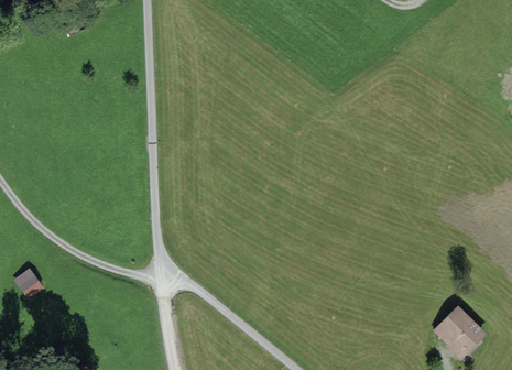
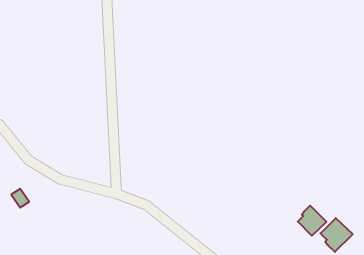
building: none -> [298,206,326,236]

